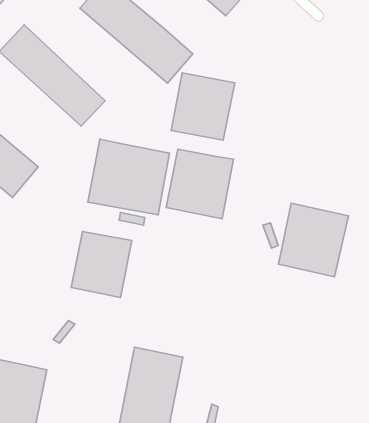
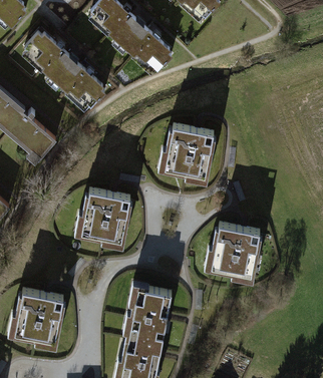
building: [171,73,235,140] -> none
building: [88,139,170,215] -> none
building: [279,203,348,277] -> [206,225,261,283]

